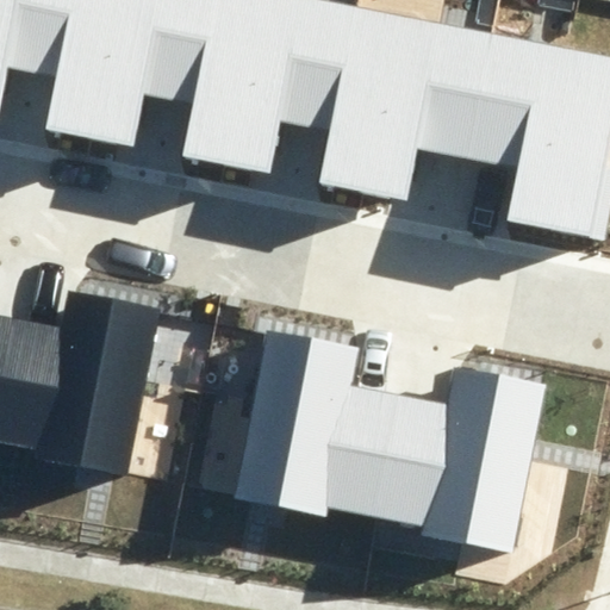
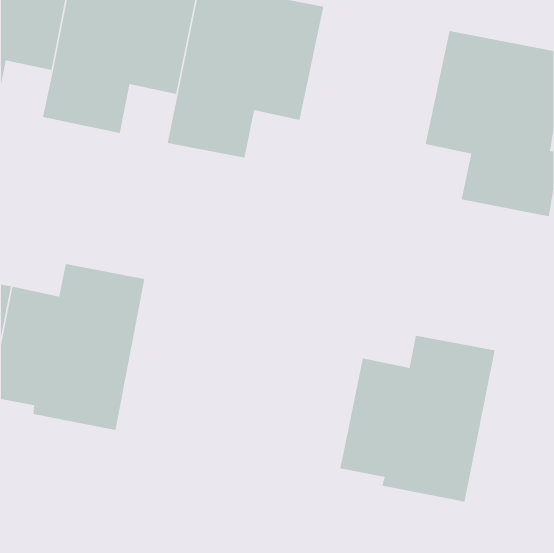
building: [320,7,493,201] -> none
building: [235,330,398,515] -> none

